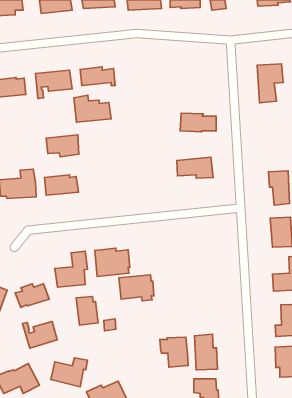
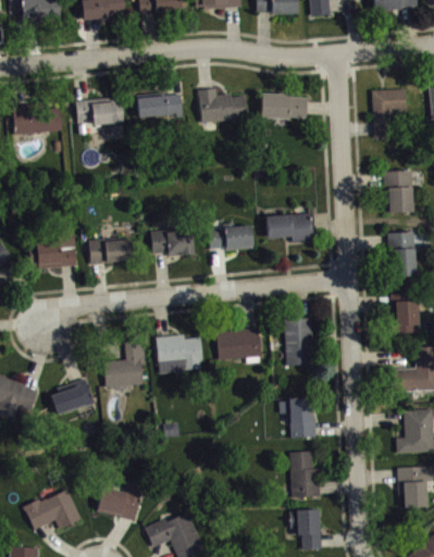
building: [74,95,111,122] -> [198,87,248,123]
building: [180,113,216,132] -> [260,94,308,119]
building: none -> [384,171,413,213]
building: [46,135,79,157] -> [150,227,194,257]
building: none -> [207,223,253,250]
building: none -> [283,319,315,366]
building: [119,275,154,301] -> [215,329,262,363]
building: [76,297,98,325] -> none
building: [23,321,57,348] -> none
building: [160,337,188,367] -> [278,398,317,438]

